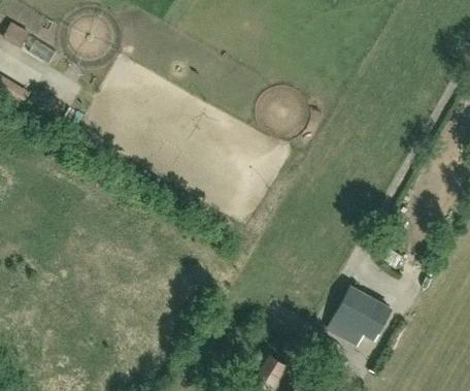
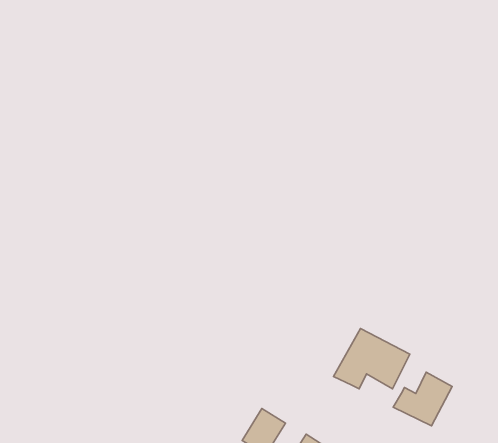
building: none -> [393,372,452,426]

